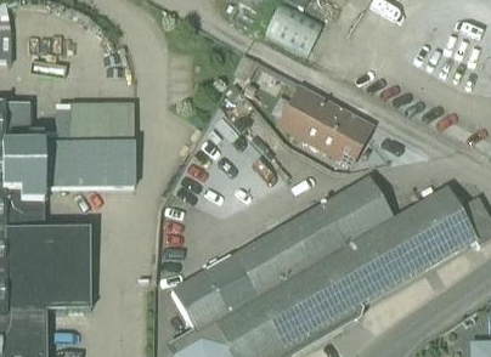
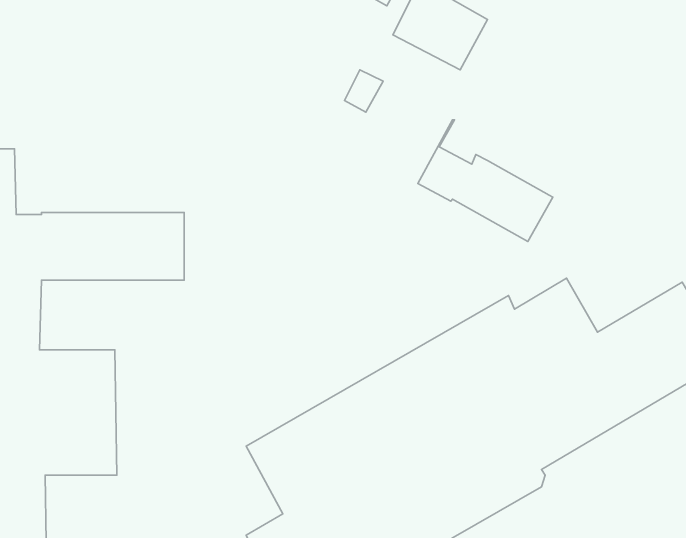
building: [293,84,368,131] -> none
building: [68,103,132,142] -> none

